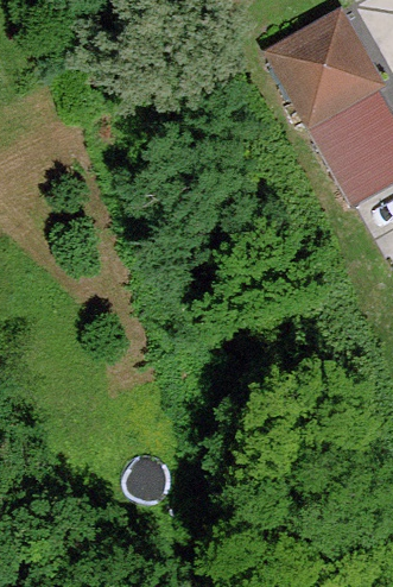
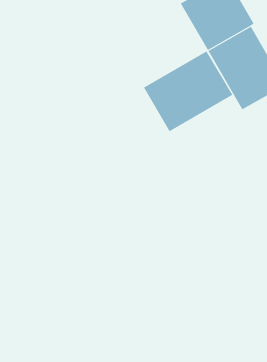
building: none -> [143,51,233,132]

